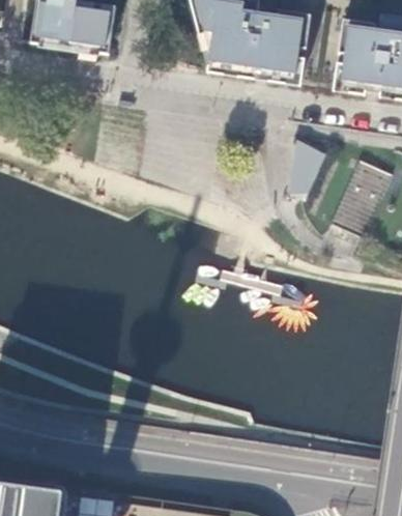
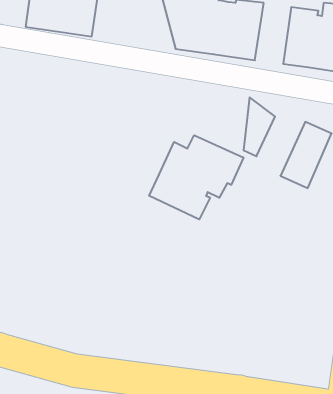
building: none -> [149,135,243,219]

